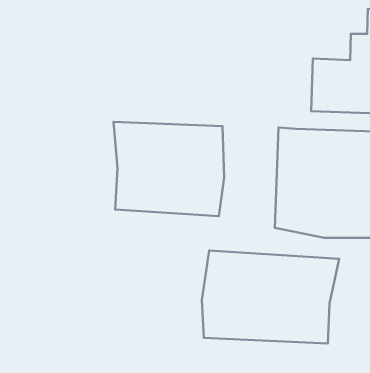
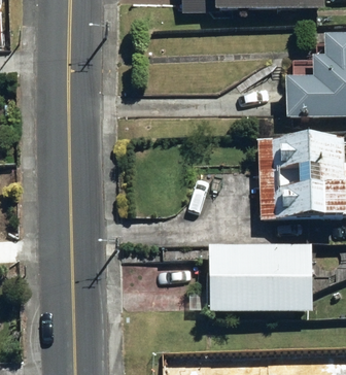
building: [114,122,224,216] -> none

